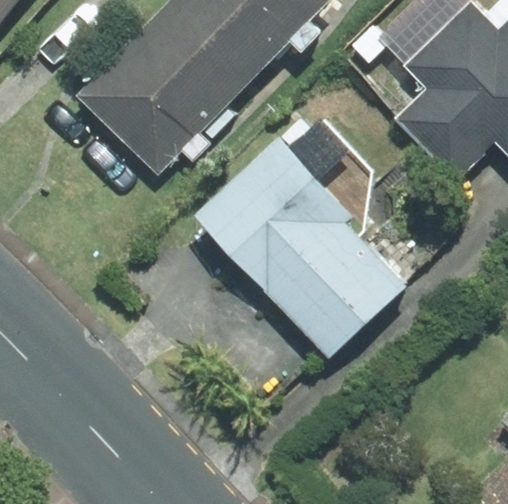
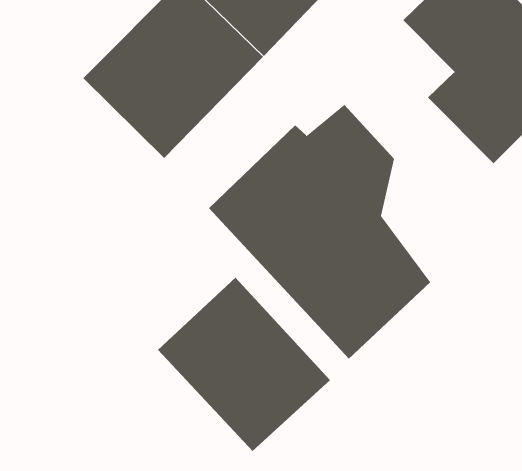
building: none -> [157,277,331,452]

